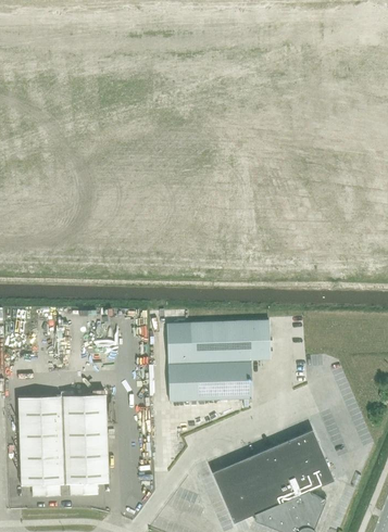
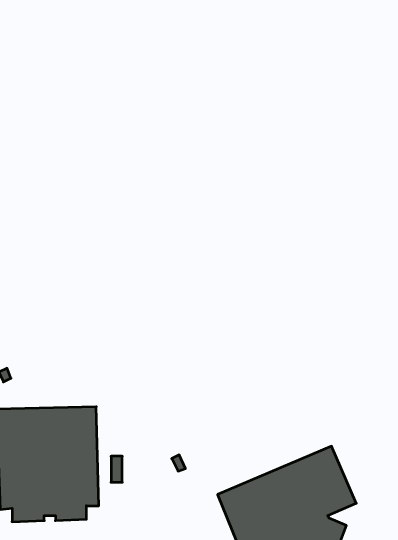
building: [166,320,270,402] -> none

